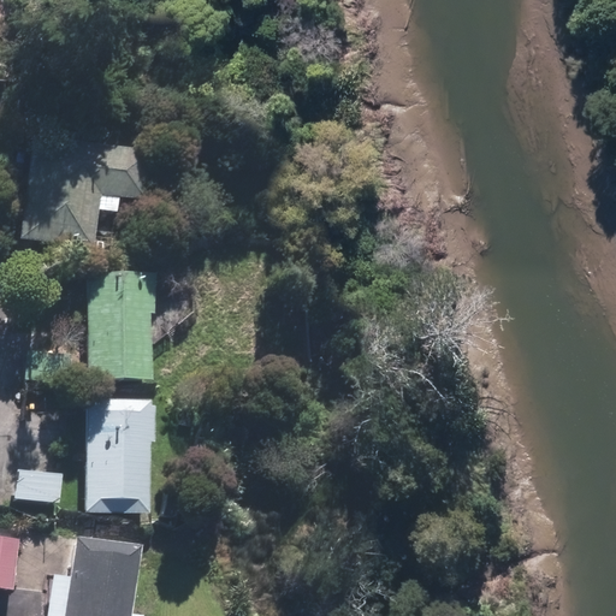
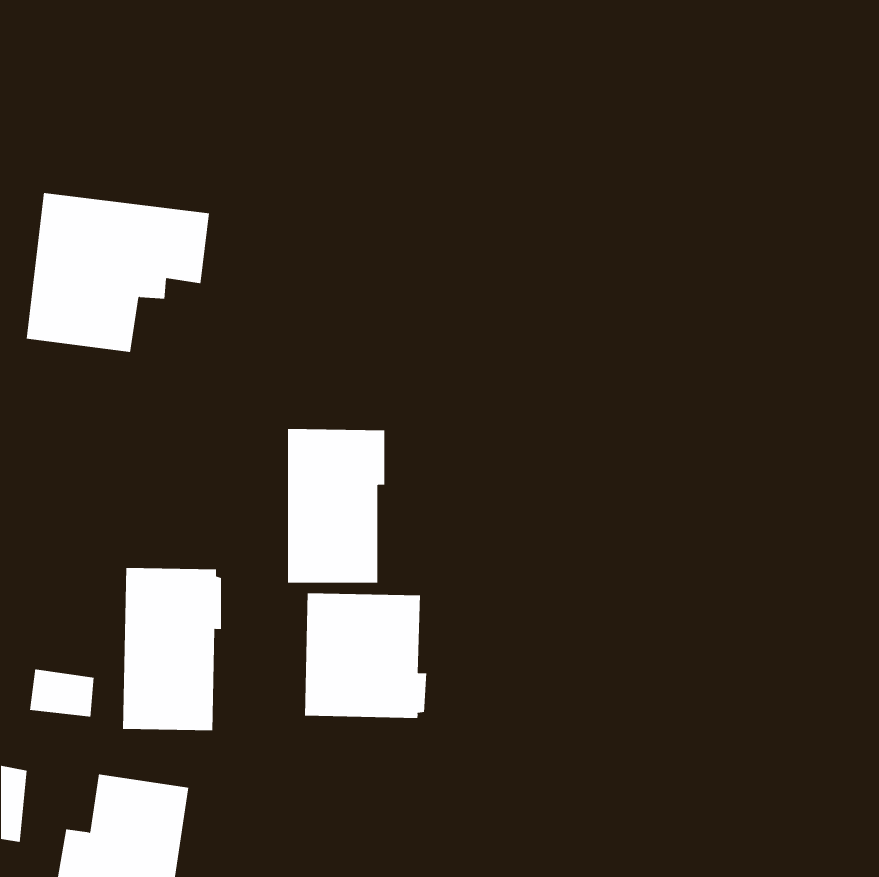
building: [90,271,159,379] -> [287,429,385,583]
building: none -> [305,592,427,719]

